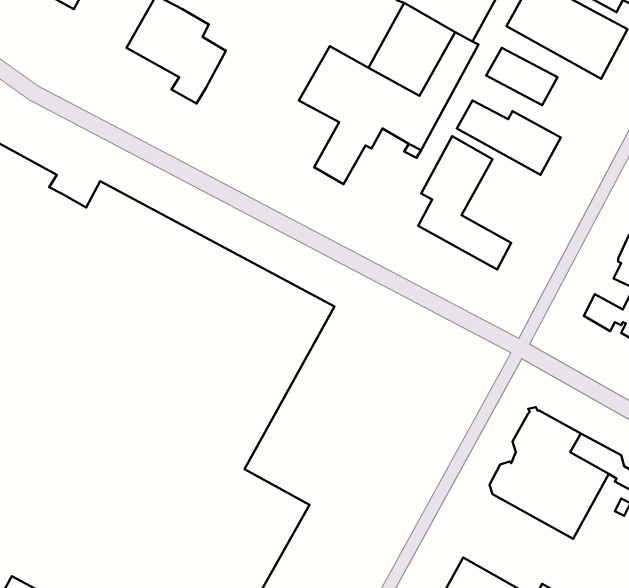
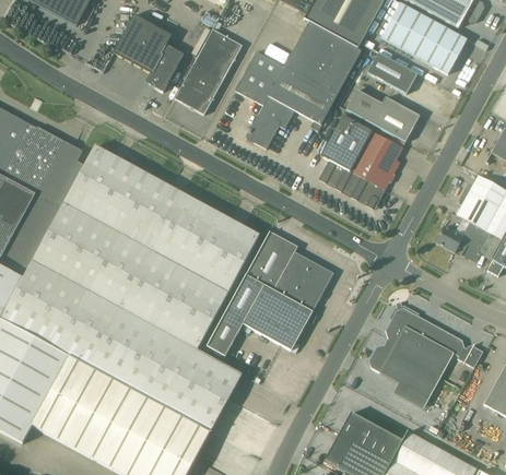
building: none -> [175,29,243,115]
building: none -> [350,131,402,190]
building: none -> [207,230,333,356]

